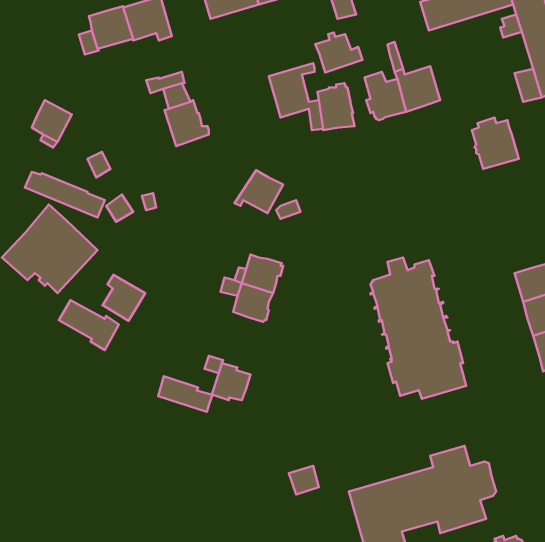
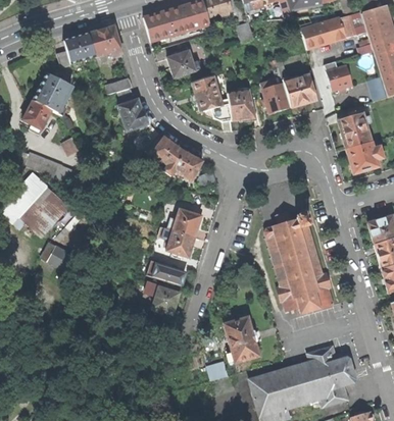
building: [315,33,362,73] -> [167,49,201,77]
building: none -> [325,61,353,92]
building: none -> [33,71,72,114]
building: none -> [151,136,184,172]
building: none -> [346,141,384,172]
building: [103,275,145,321] -> none
building: [158,376,212,412] -> [147,259,186,284]
building: none -> [225,316,260,362]

